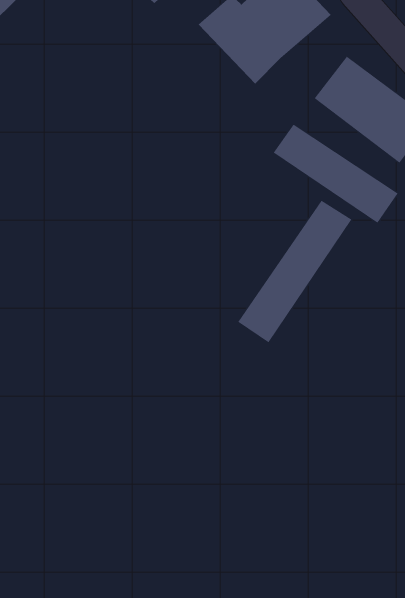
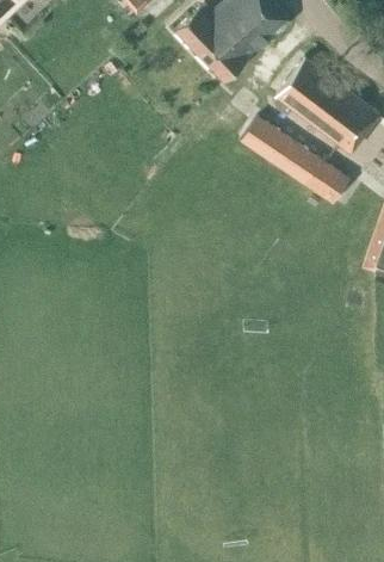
building: [237,200,352,343] -> none

